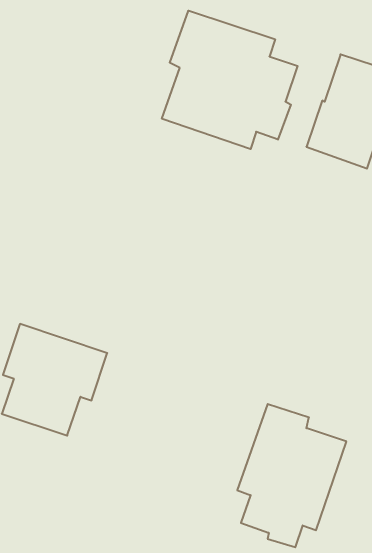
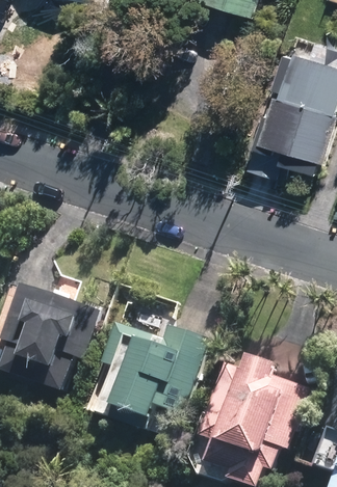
building: [162,11,298,149] -> none
building: none -> [98,334,200,426]

